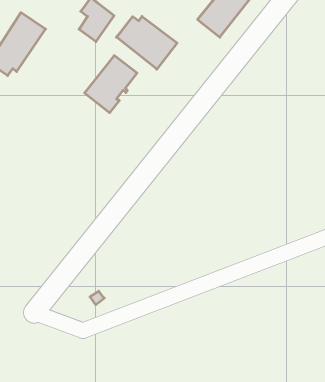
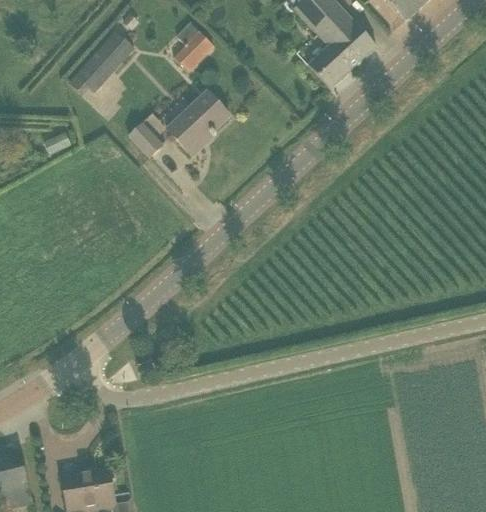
building: [116,16,177,69] -> none
building: none -> [129,121,162,155]

